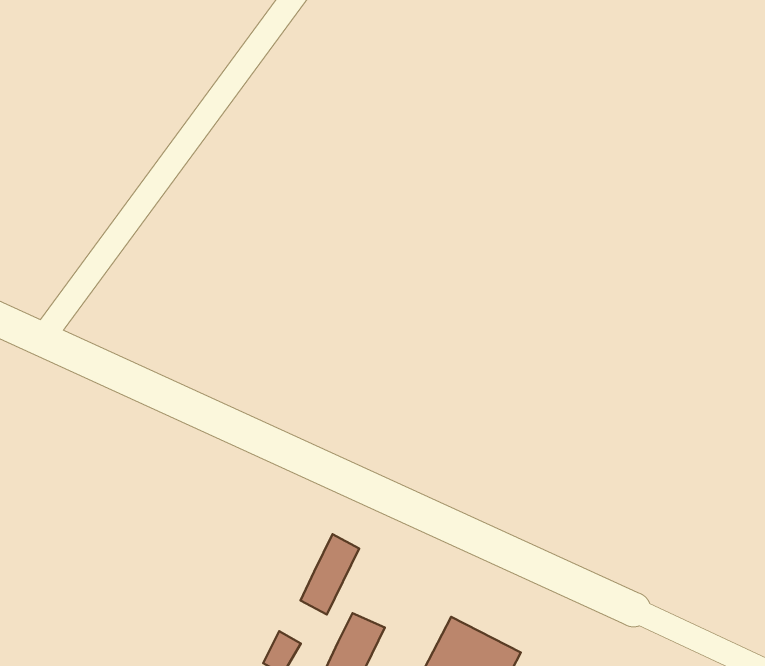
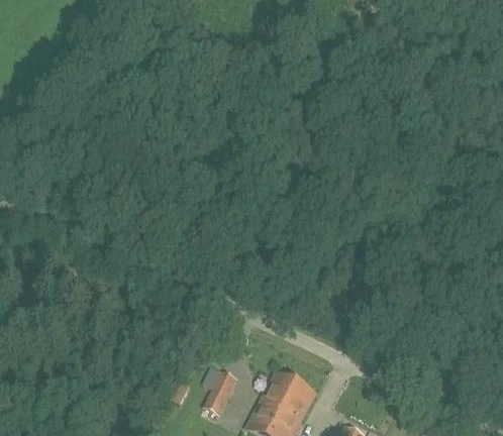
building: [300,534,359,615] -> none

